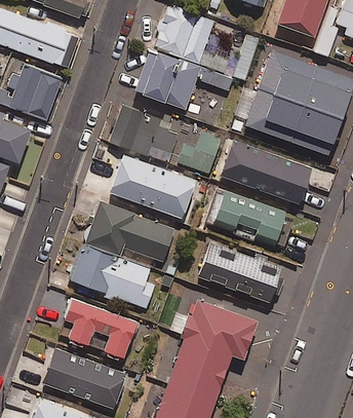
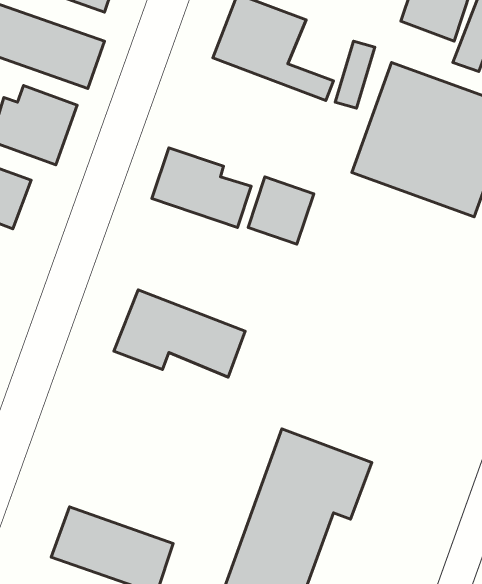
building: [135,47,231,110] -> none
building: [221,141,311,203] -> none
building: [110,155,195,218] -> none
building: [212,196,292,250] -> none
building: [72,244,154,309] -> none
building: [199,245,280,302] -> none
building: [58,299,135,357] -> none

